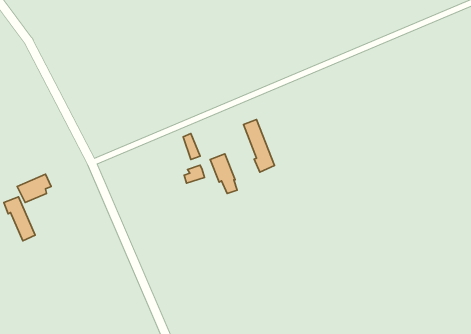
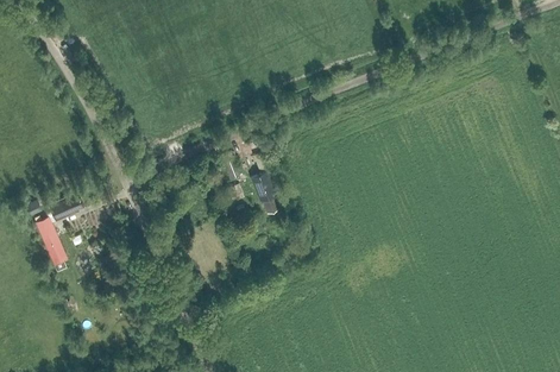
building: [243,120,275,172] -> none

